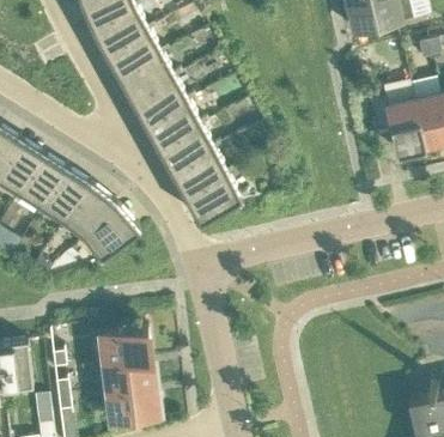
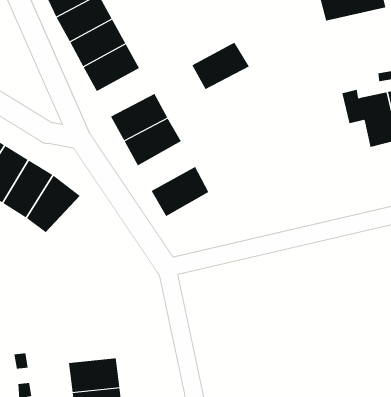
building: [132,77,188,123] -> [192,42,250,90]
building: [171,147,227,195] -> none
building: [83,200,139,255] -> none
building: [101,327,151,362] -> none

